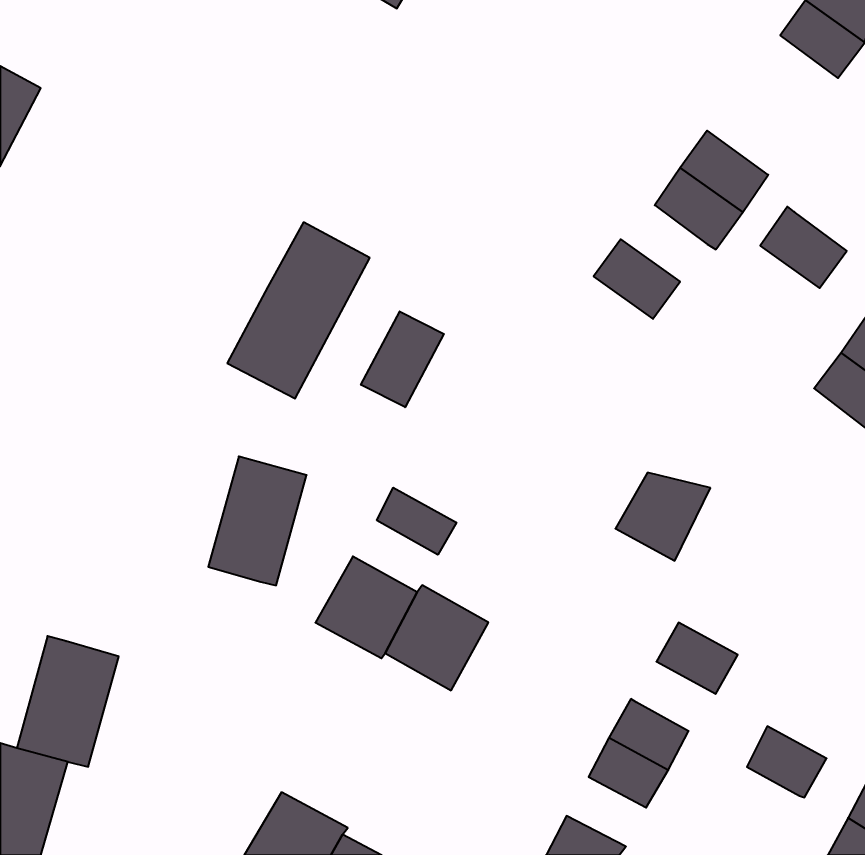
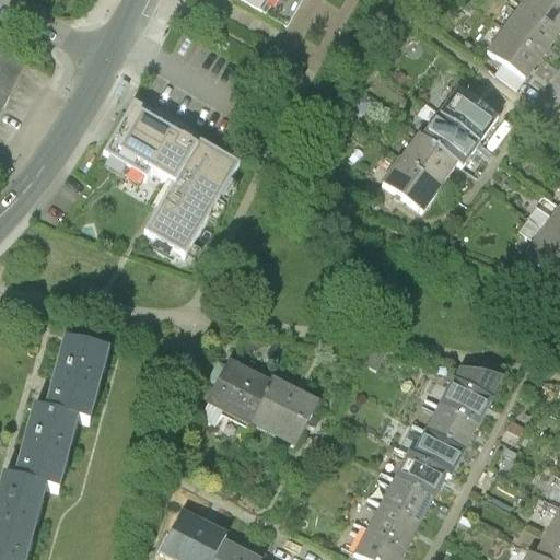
building: none -> [487,23,541,73]
building: none -> [106,107,197,185]
building: [760,207,847,288] -> [401,129,457,182]
building: [361,311,444,407] -> none
building: [208,456,307,585] -> [44,342,107,425]
building: [615,473,710,561] -> [439,365,500,422]
building: [377,488,456,555] -> none
building: [747,726,827,797] -> [411,427,463,472]
building: none -> [366,501,418,546]

